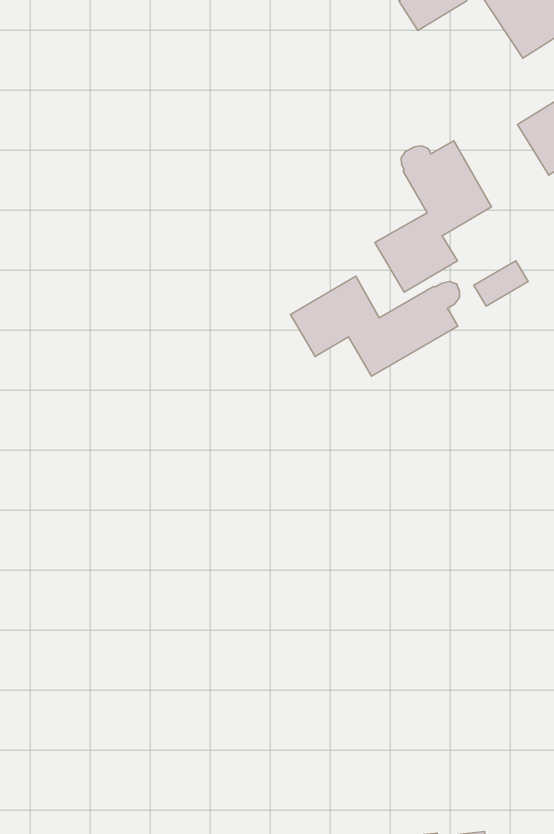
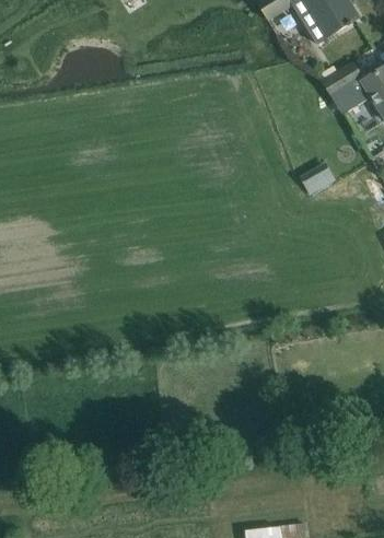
building: [375,141,492,292] -> none
building: [290,276,460,376] -> none

